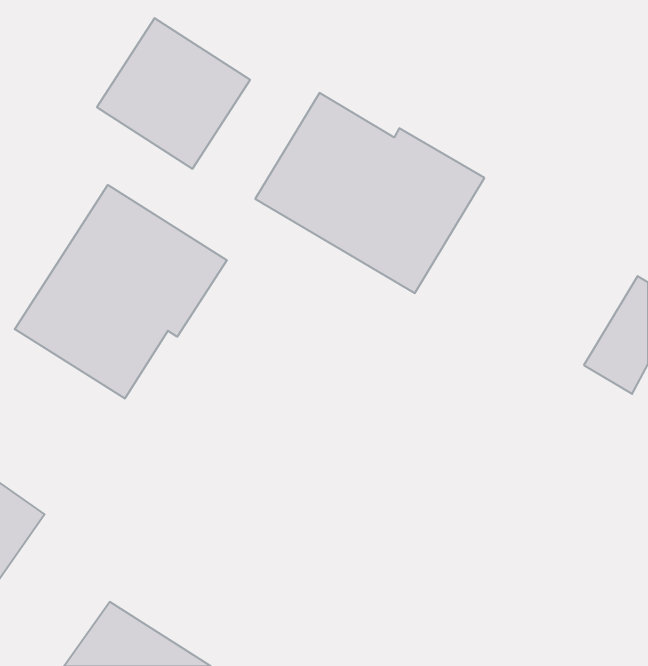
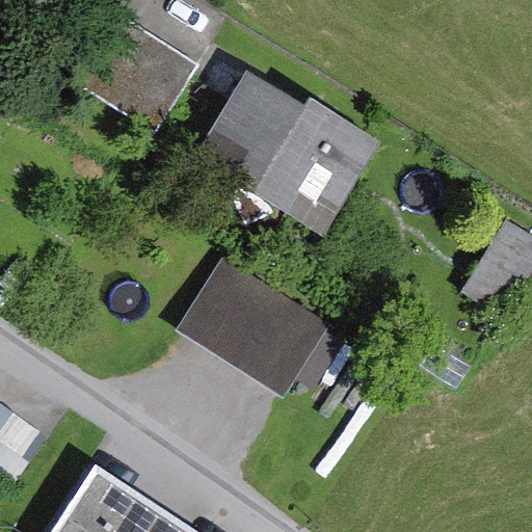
building: [15,185,227,399] -> none
building: none -> [180,260,328,393]

